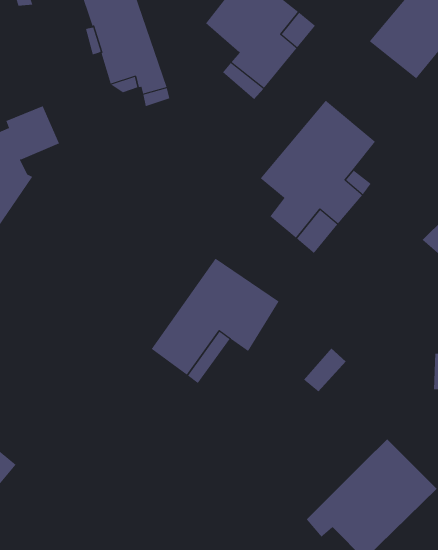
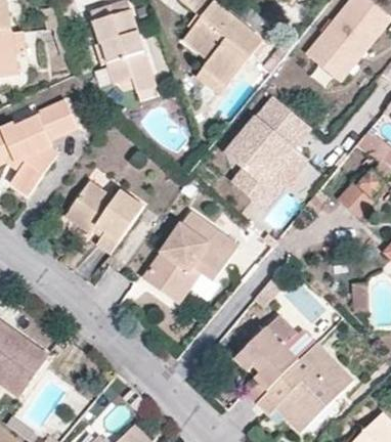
building: none -> [66,179,142,253]
building: none -> [236,315,299,402]

